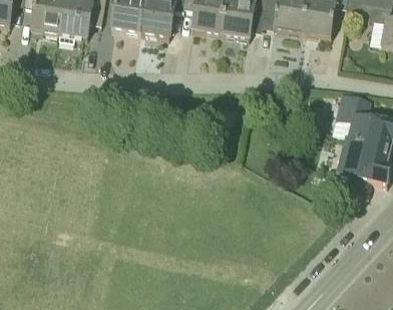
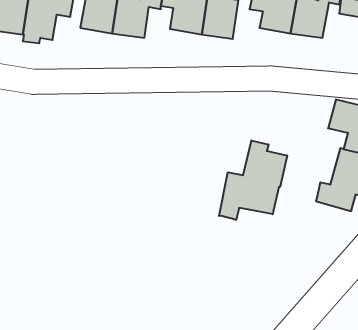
building: none -> [219,140,287,220]

